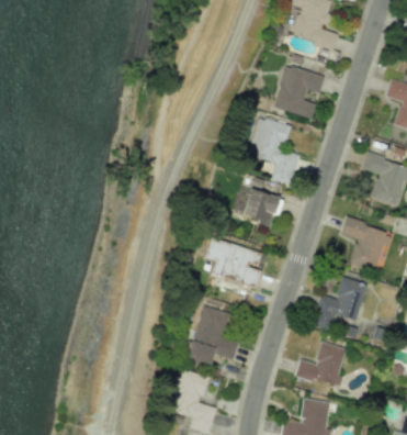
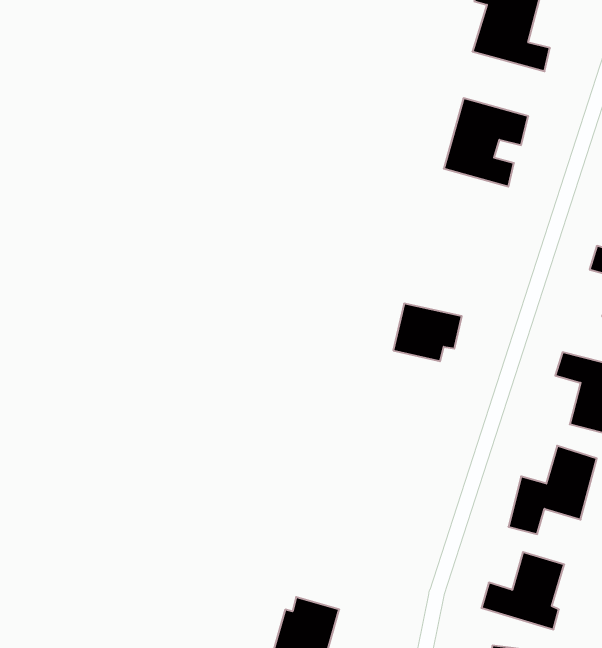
building: [248,116,298,183] -> none
building: [205,237,261,286] -> none
building: [189,305,239,365] -> none

